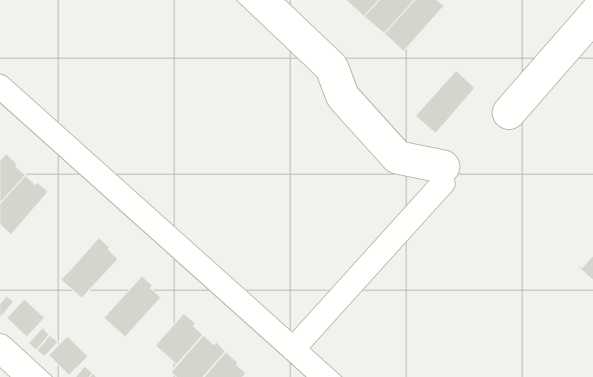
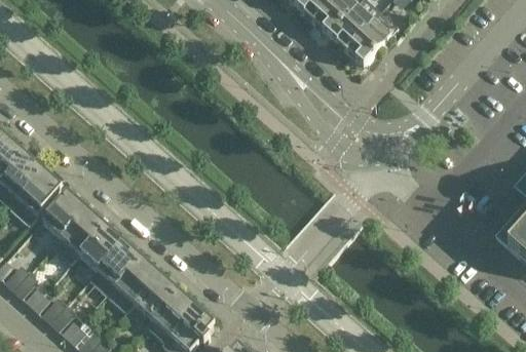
building: [415,70,475,134] -> [346,12,398,67]
building: none -> [10,171,60,225]
building: none -> [42,196,85,237]
building: none -> [79,229,122,270]
building: none -> [108,262,158,312]

